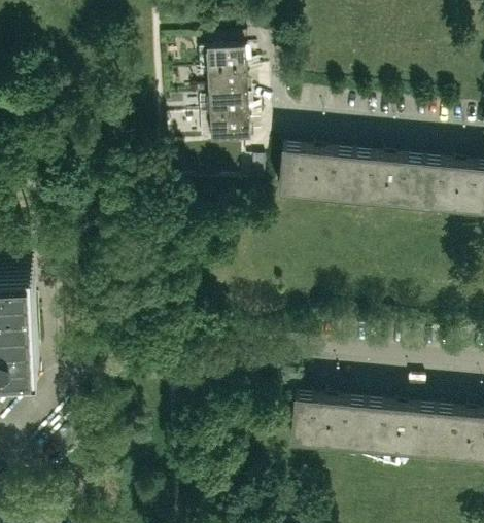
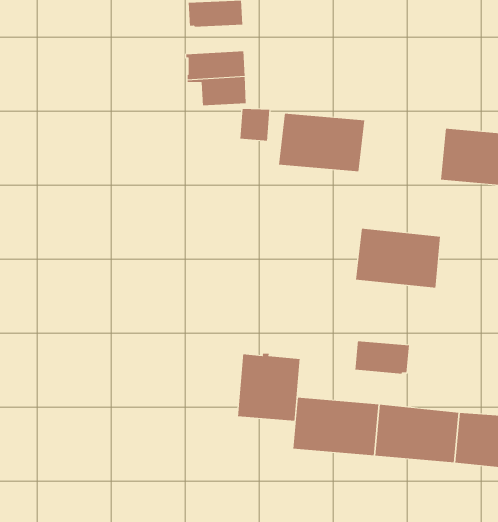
building: [195,70,247,96] -> none
building: [348,153,423,206] -> [355,228,441,288]
building: none -> [355,340,409,375]
building: none -> [237,353,300,422]

